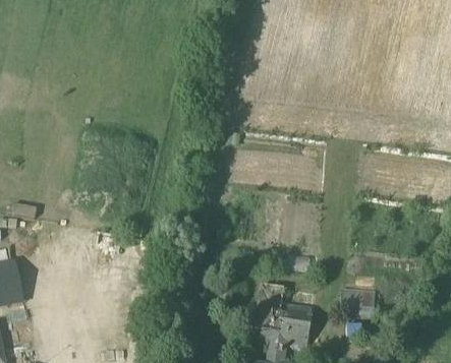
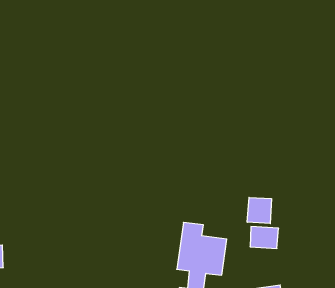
building: none -> [247,197,271,224]

